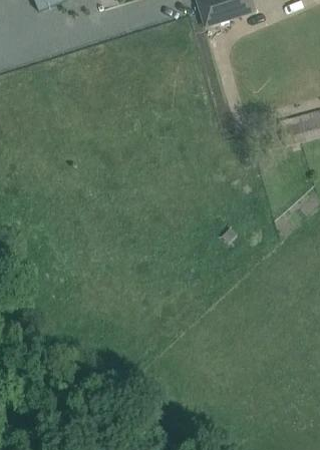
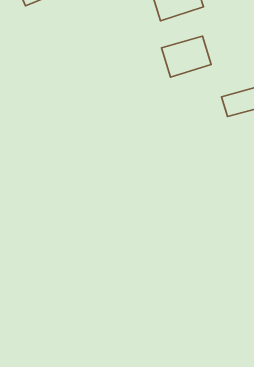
building: none -> [161,36,211,77]

